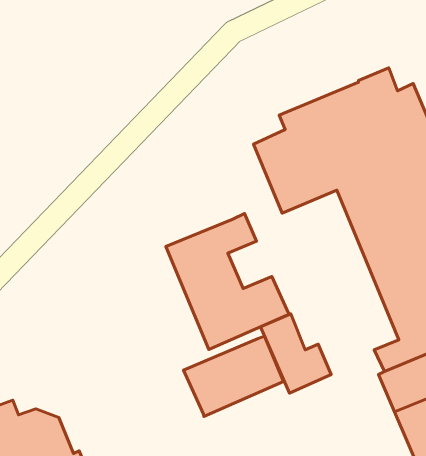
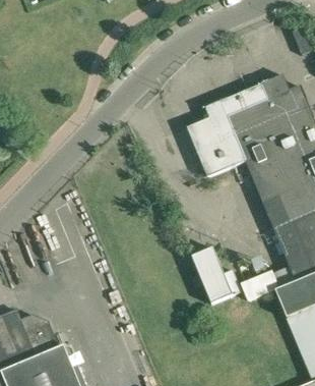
building: [166,214,289,350] -> none
building: [184,336,284,416] -> none

